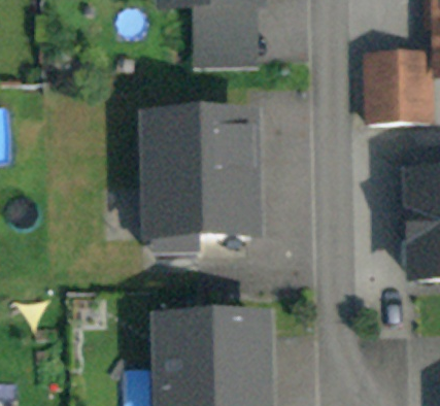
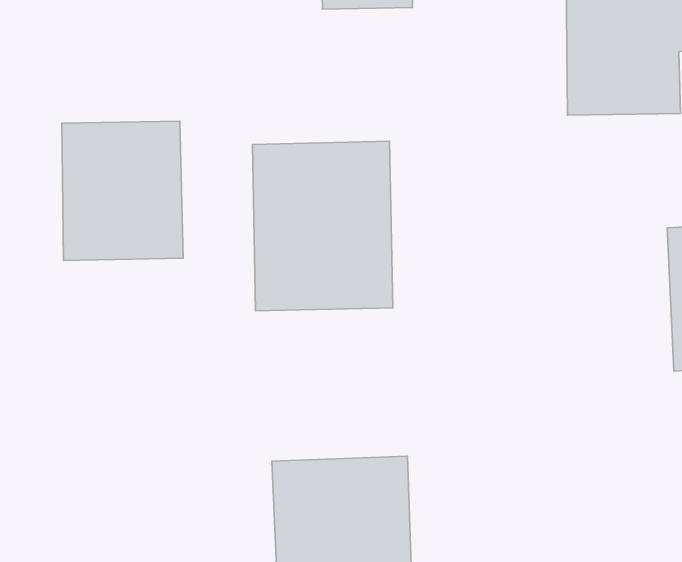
building: none -> [62,121,183,261]

